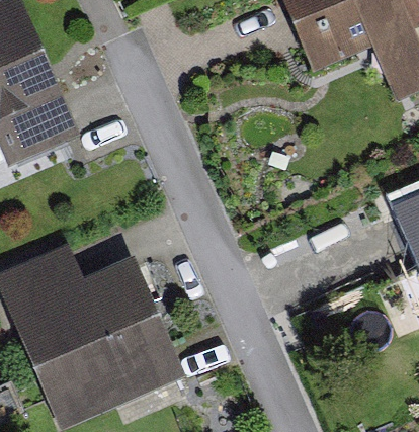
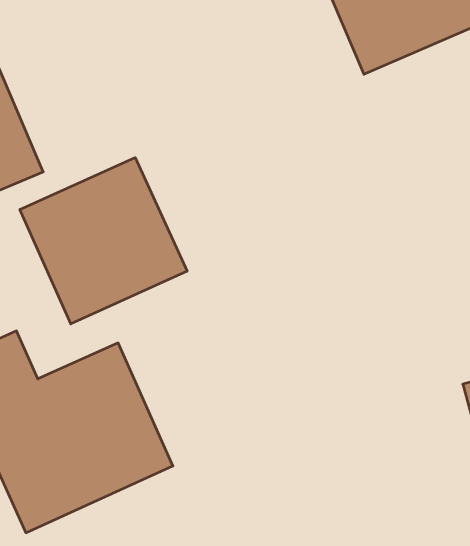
building: none -> [20,158,187,324]

